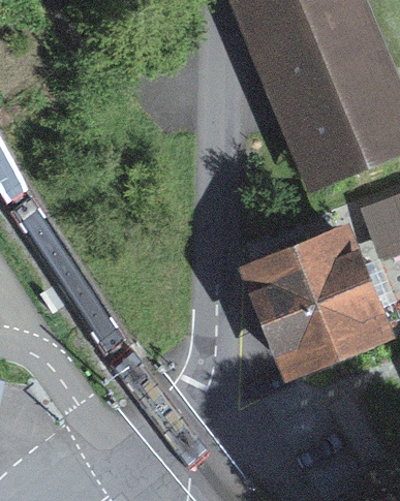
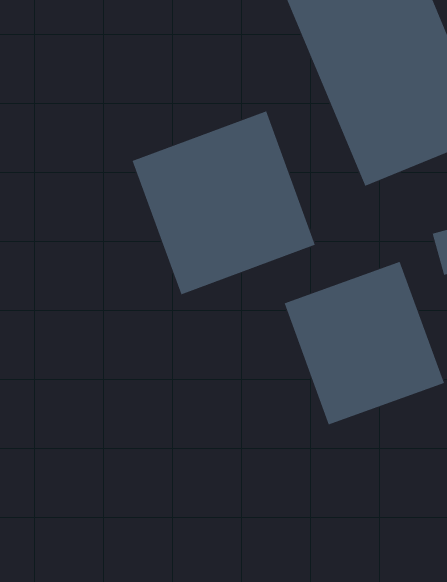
building: none -> [132,110,316,295]

